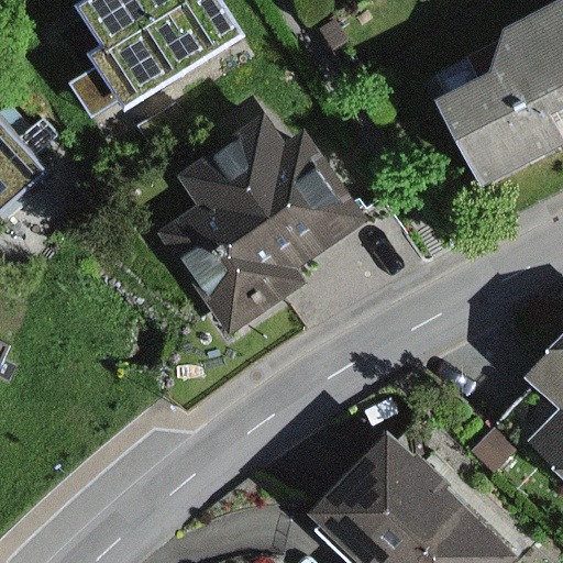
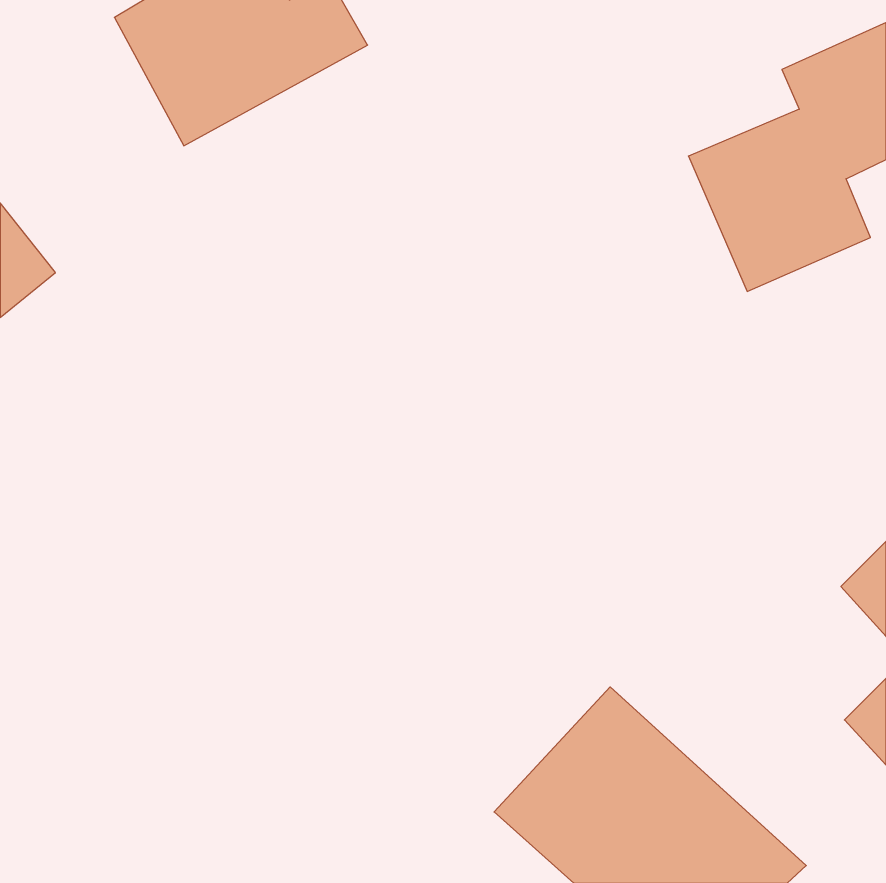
building: [169,139,362,314] -> none

